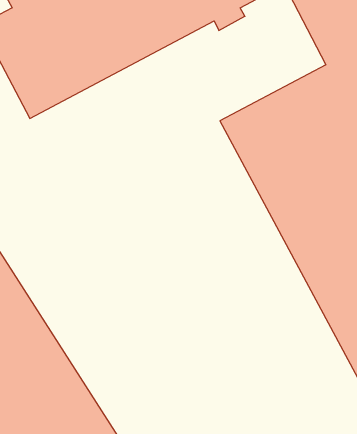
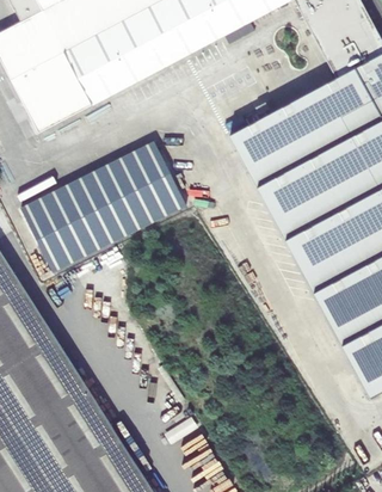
building: none -> [19,141,185,272]

